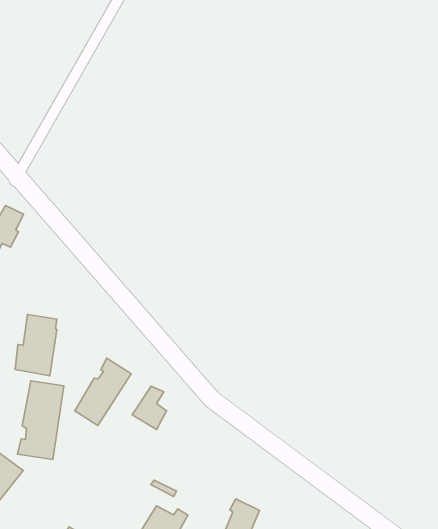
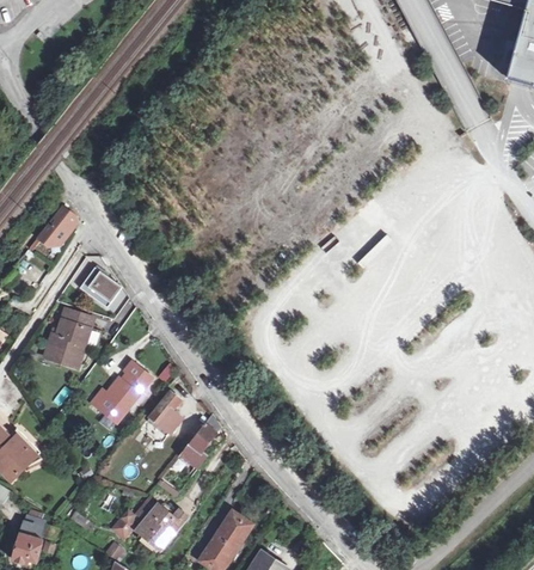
building: none -> [78,264,121,306]
building: [18,381,64,459] -> none
building: none -> [179,415,220,471]

